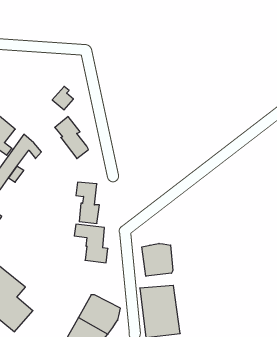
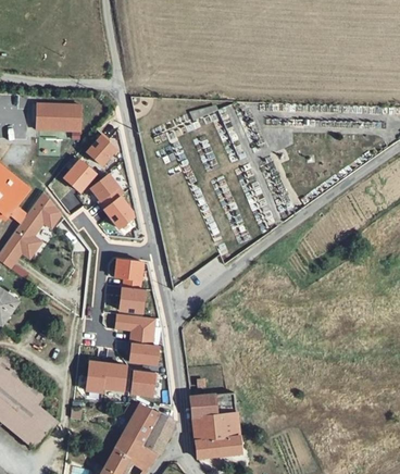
building: none -> [38,102,80,132]
building: none -> [62,160,93,192]
building: [142,243,173,276] -> none
building: none -> [84,360,124,391]
building: none -> [128,369,154,394]

